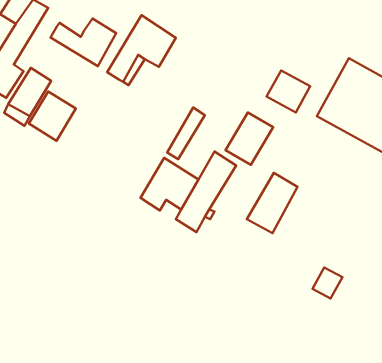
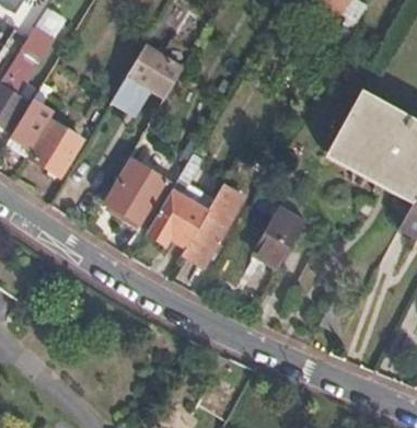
building: [50,18,116,66] -> none
building: [267,70,310,112] -> none
building: [225,113,273,165] -> none
building: none -> [106,161,167,223]

